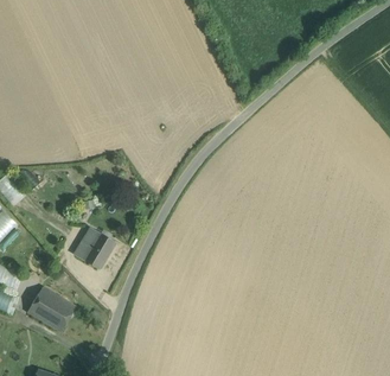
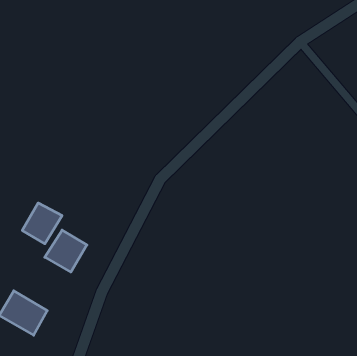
building: none -> [22,203,62,244]

